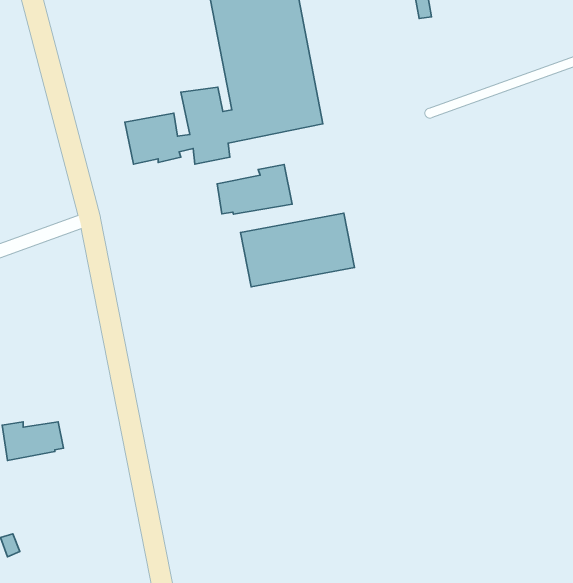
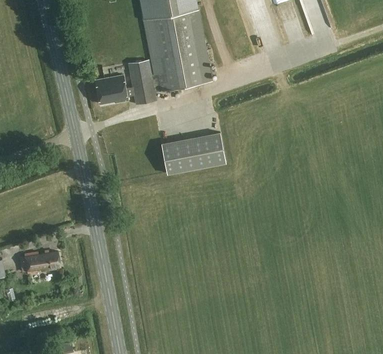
building: [217,165,292,214] -> none

